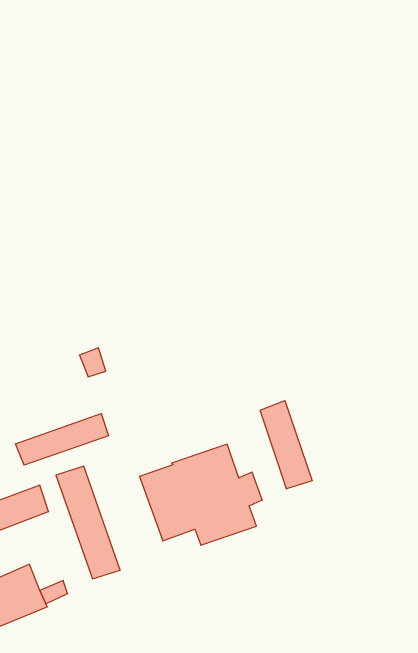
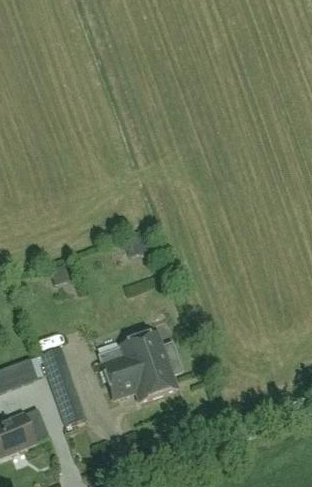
building: [260,401,312,489] -> none
building: [15,414,108,465] -> none

